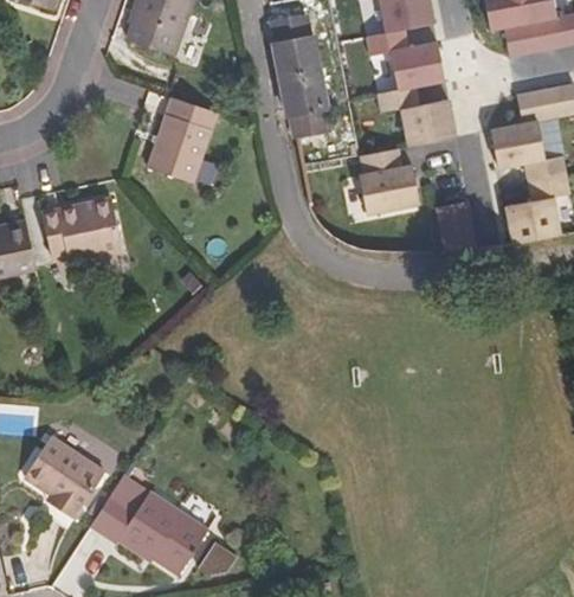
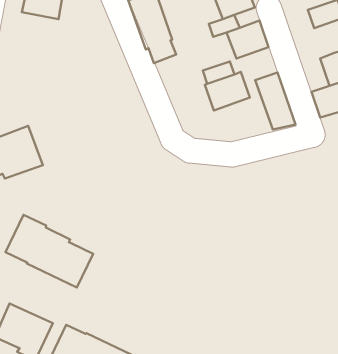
building: [147,97,217,184] -> none
building: [490,121,544,167] -> none
building: none -> [6,215,93,287]

